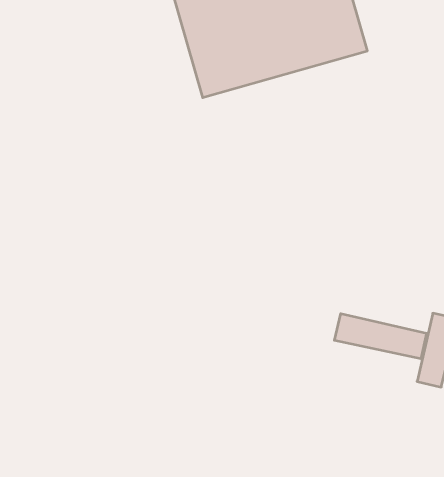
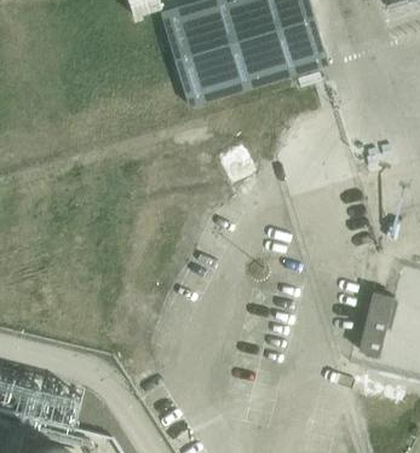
building: [334,314,427,359] -> none

